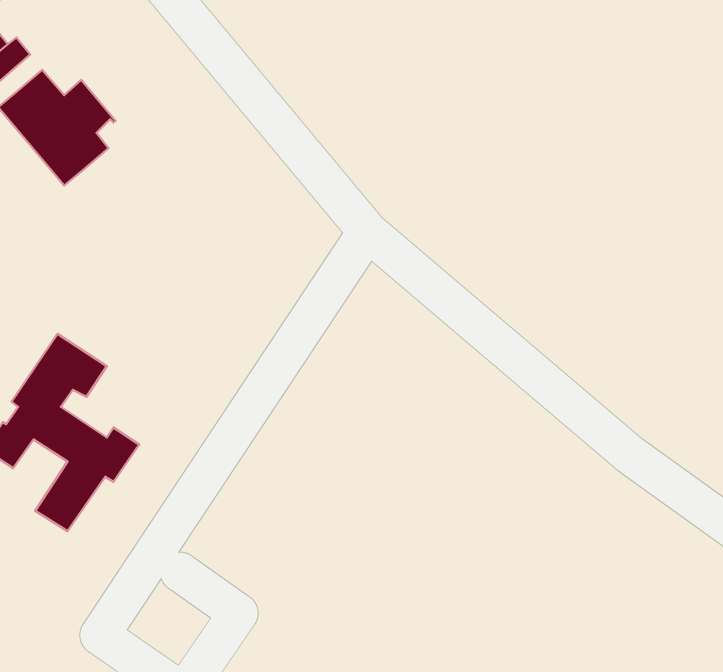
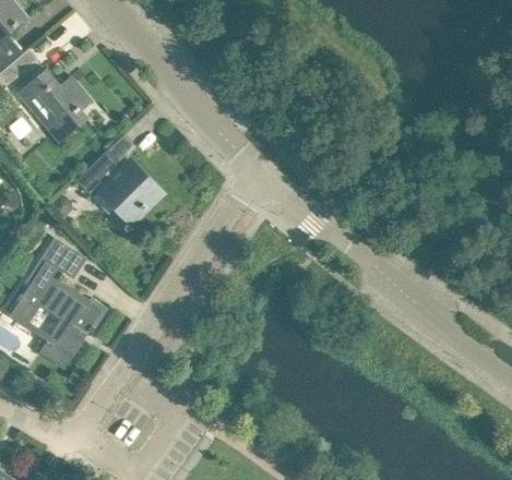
building: none -> [75,148,162,224]

